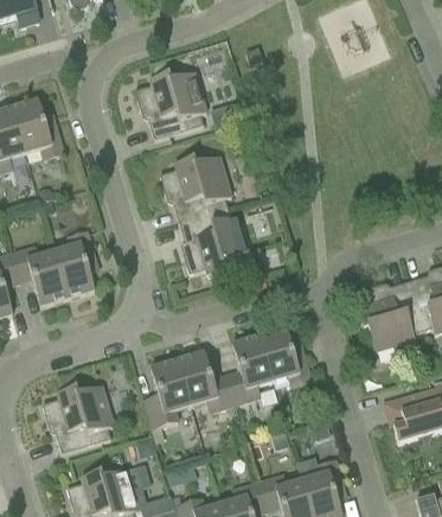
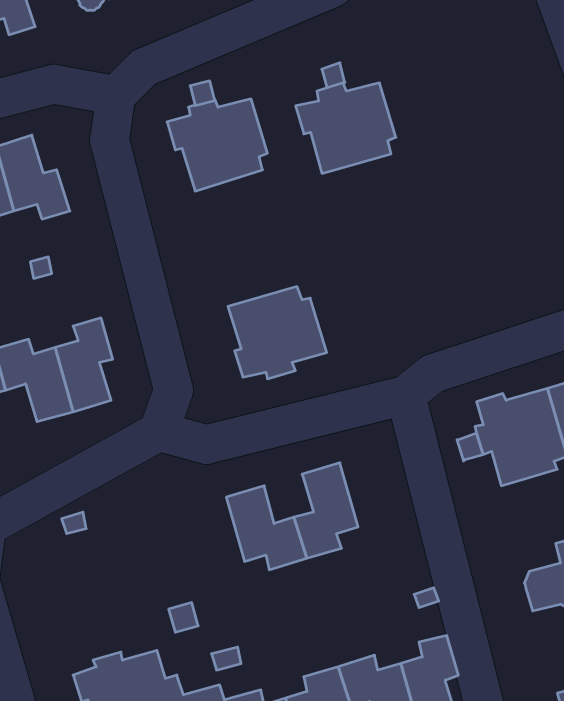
building: [160,157,232,222] -> [296,83,396,173]
building: [260,327,313,387] -> none
building: [145,359,191,428] -> none
building: [43,385,114,452] -> none

